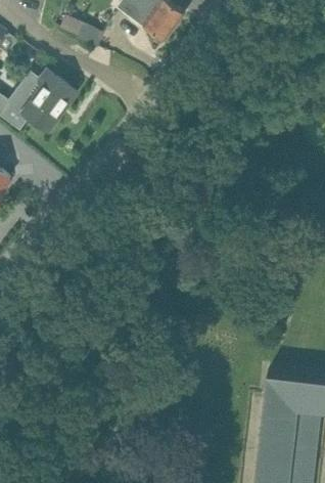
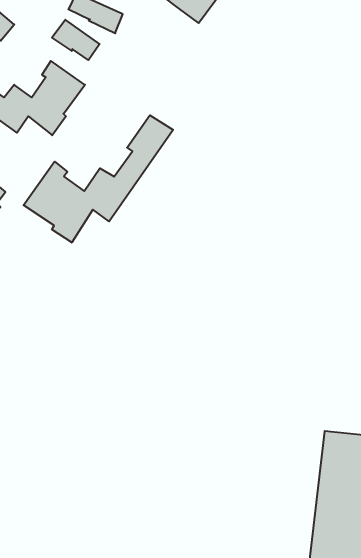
building: none -> [52,20,100,60]
building: none -> [24,115,173,243]

